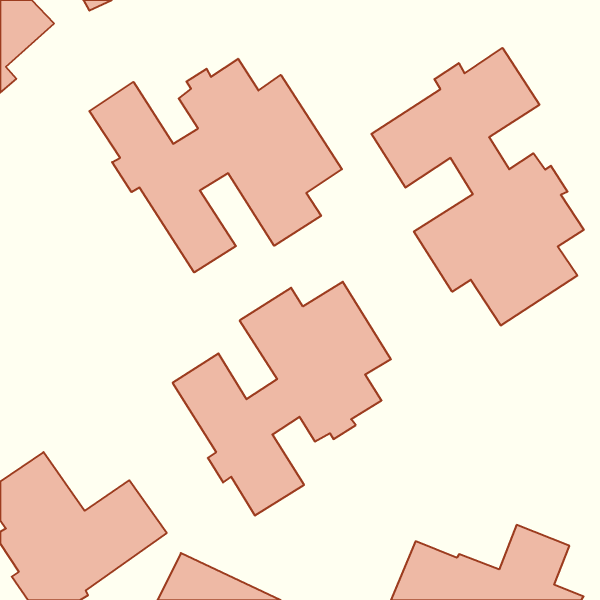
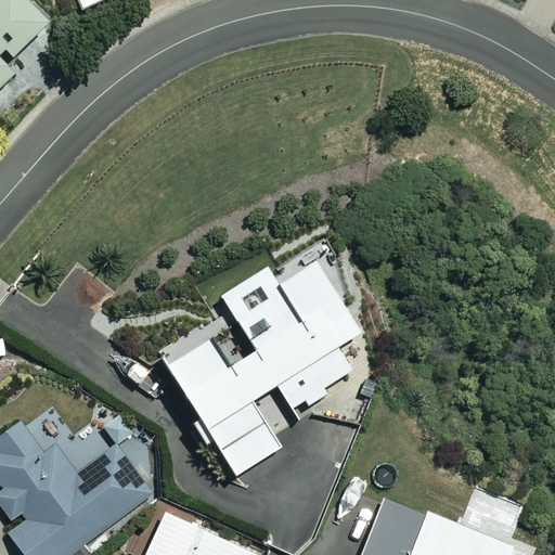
building: [371,48,584,326] -> none
building: [89,59,342,272] -> none

